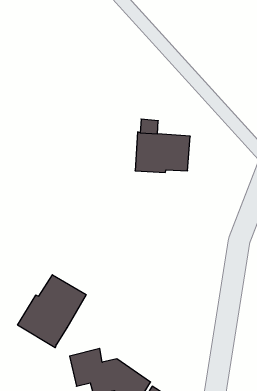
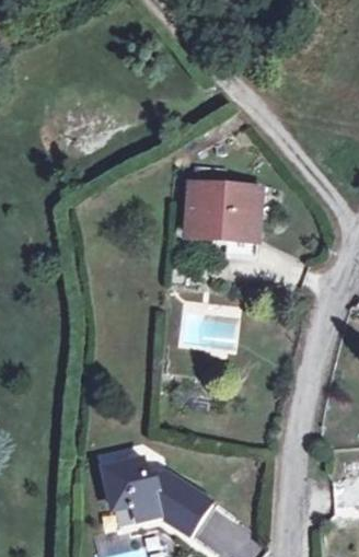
building: [18,275,86,348] -> none

